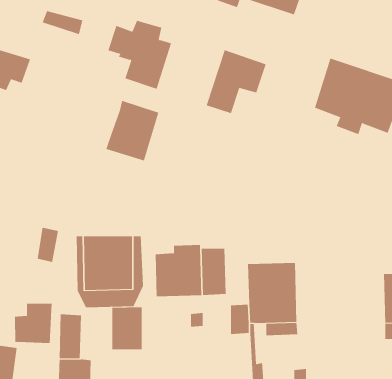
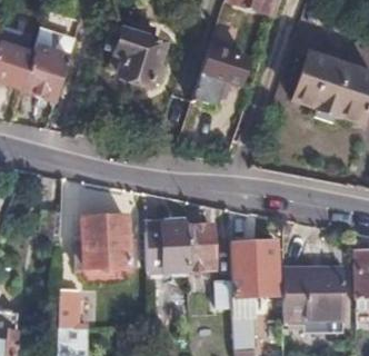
building: [106,100,159,161] -> [22,46,71,101]
building: none -> [286,264,346,316]
building: [15,303,52,344] -> none
building: [112,306,142,350] -> none

